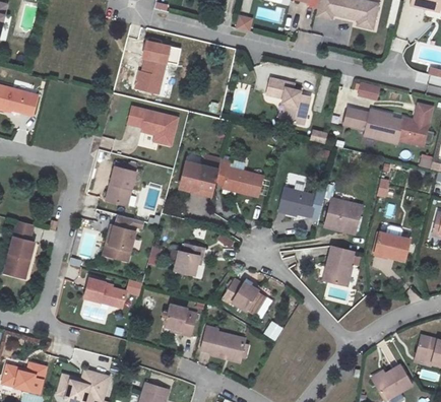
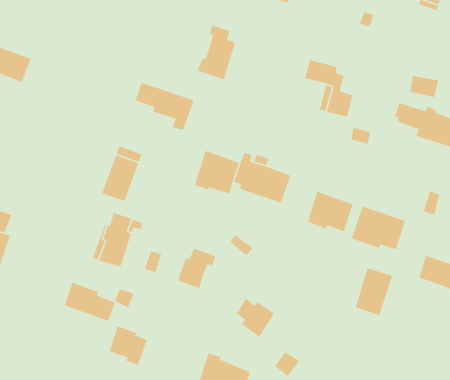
building: [135,47,166,92] -> [197,24,236,80]
building: [165,305,196,337] -> [109,325,148,366]

